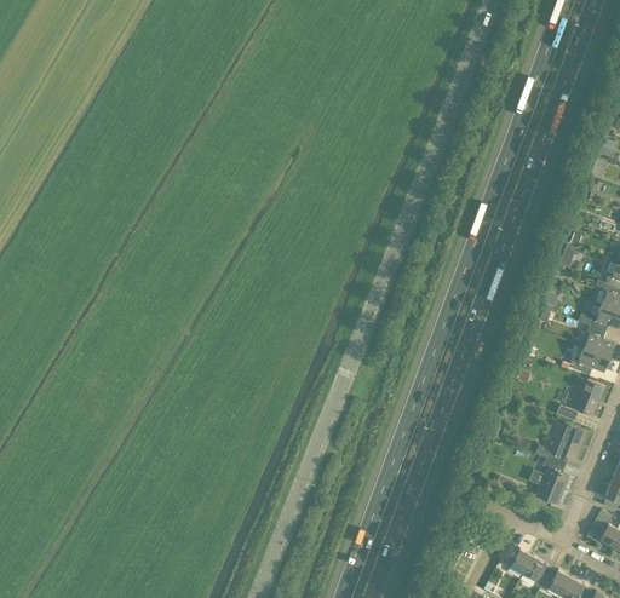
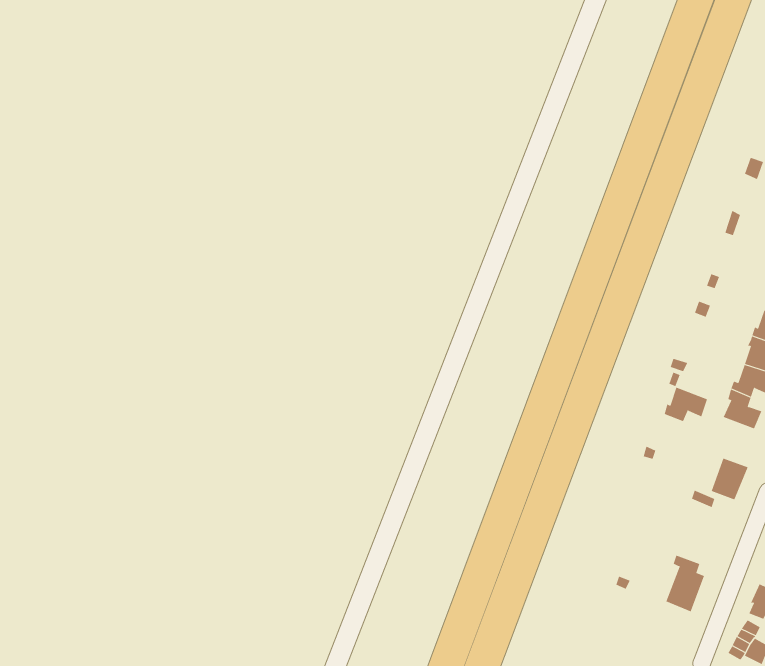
building: [573,347,608,375] -> [664,387,708,422]
building: [535,424,585,465] -> none

